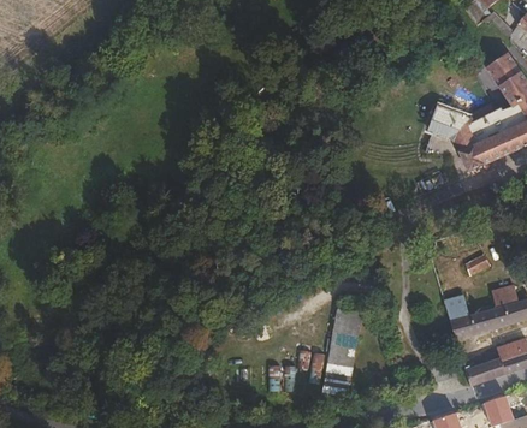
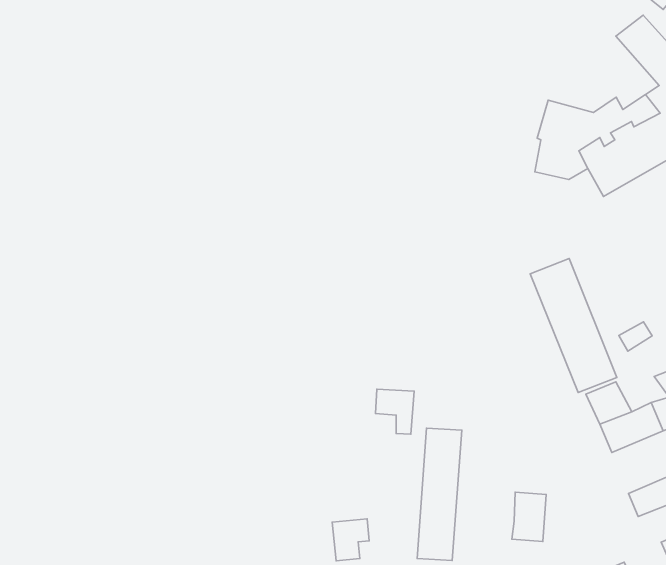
building: none -> [530,259,617,393]
building: [298,351,325,382] -> [376,389,414,434]
building: none -> [512,492,546,541]

